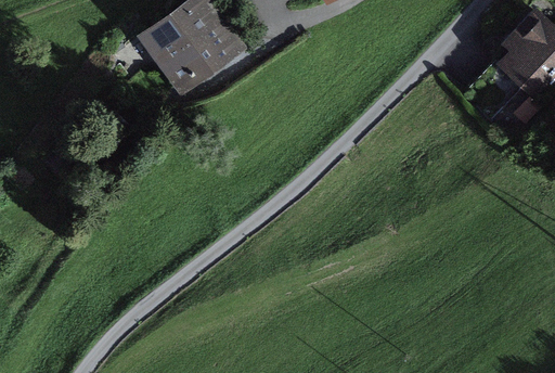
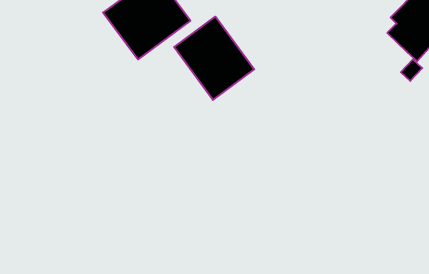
building: none -> [174,17,254,100]

